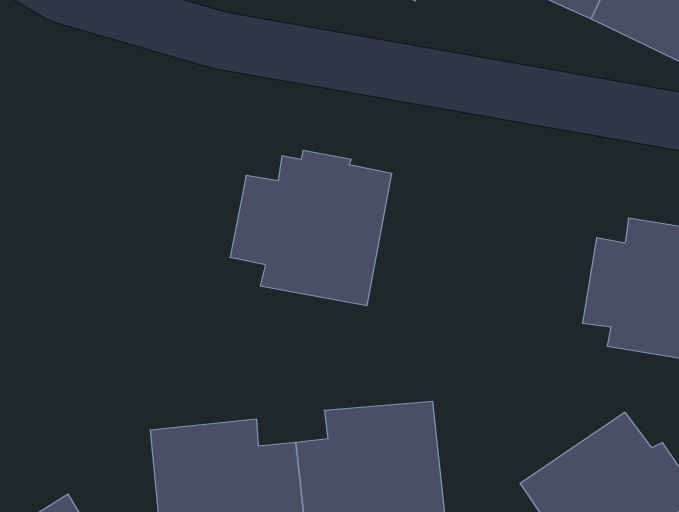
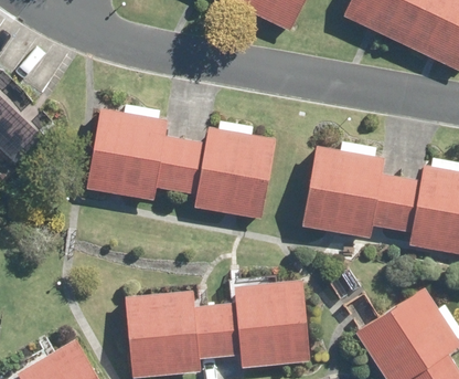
building: none -> [85,105,184,200]
building: none -> [302,141,402,238]

